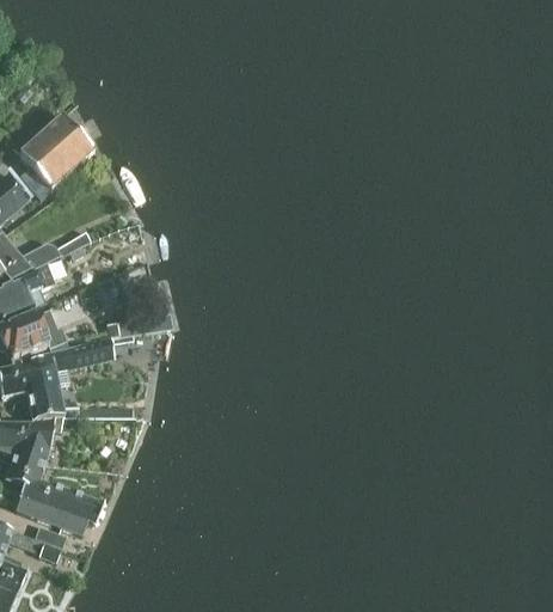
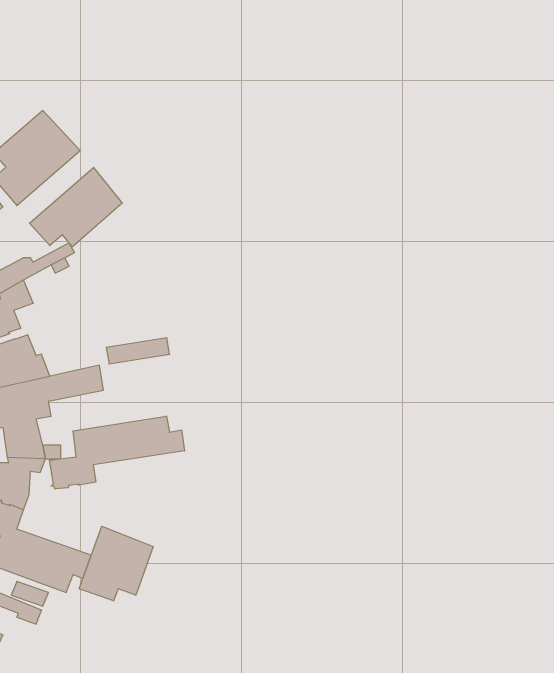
building: none -> [29,167,122,247]
building: none -> [49,416,185,489]
building: none -> [79,526,153,601]

